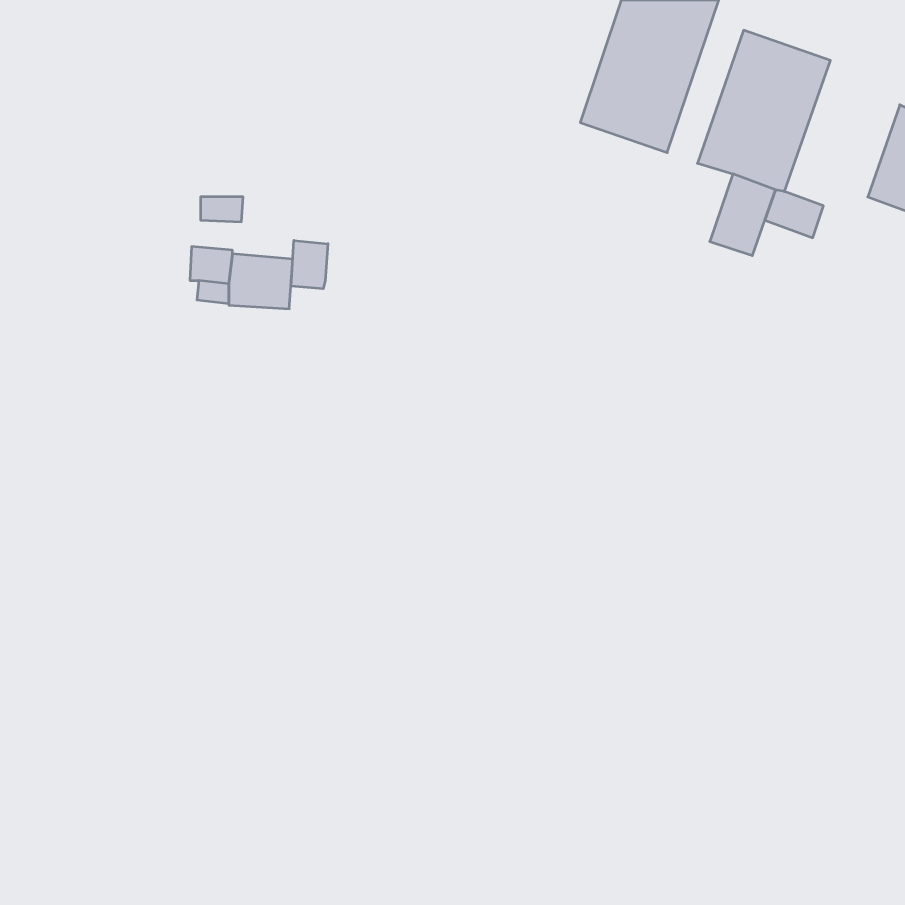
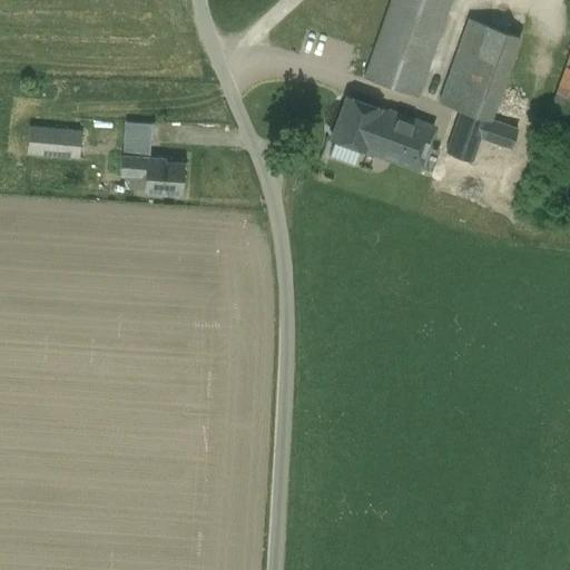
building: none -> [334,98,438,168]
building: none -> [28,127,82,159]
building: [291,240,328,289] -> none

